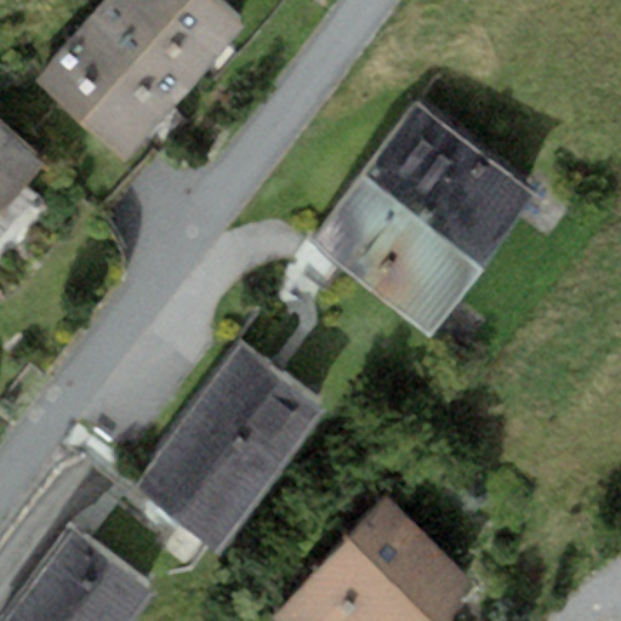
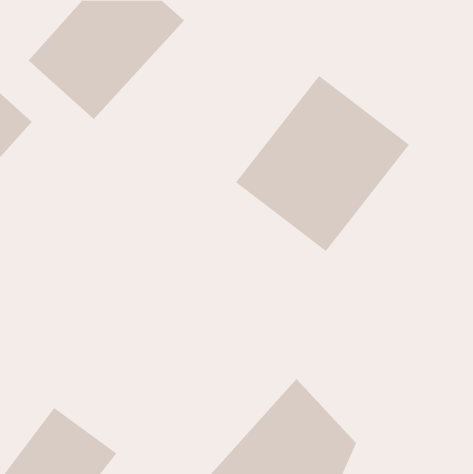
building: [135,343,326,548] -> none

